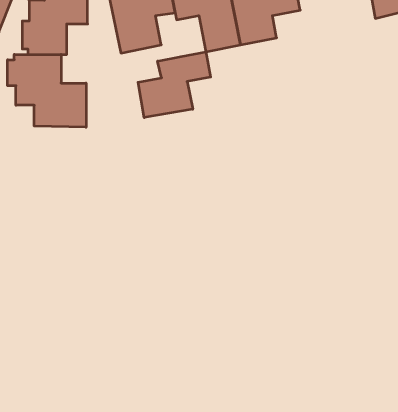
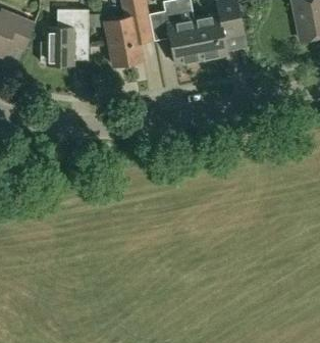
building: [138,52,211,118] -> none
building: [8,54,86,127] -> none

